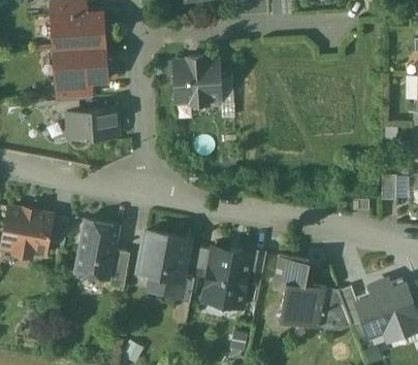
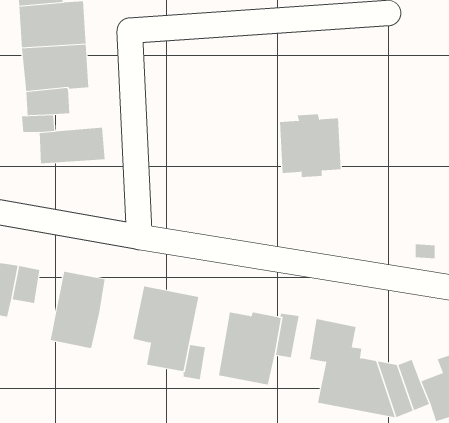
building: [173,58,221,106] -> [279,114,342,178]
building: [105,251,129,290] -> none

